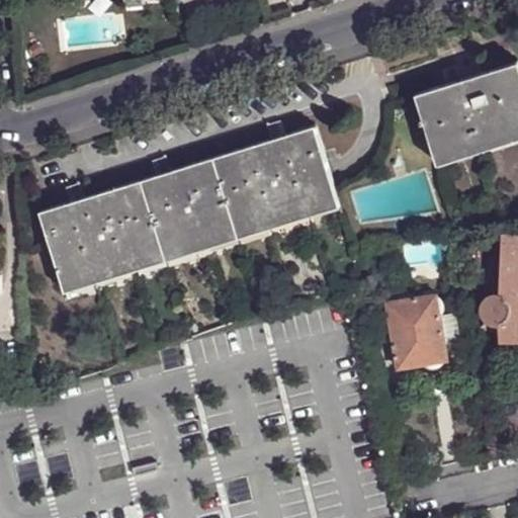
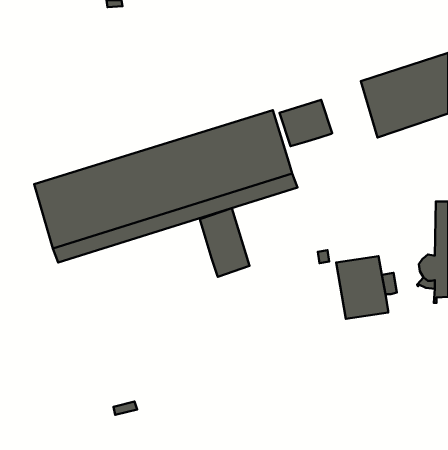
building: none -> [279,100,332,146]
building: none -> [200,208,250,277]

